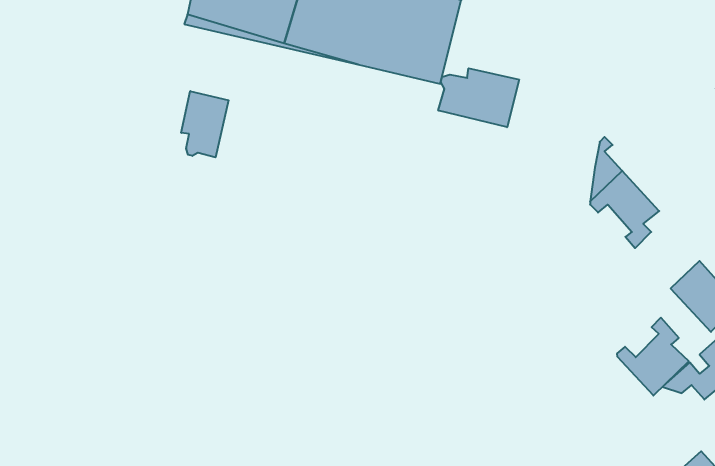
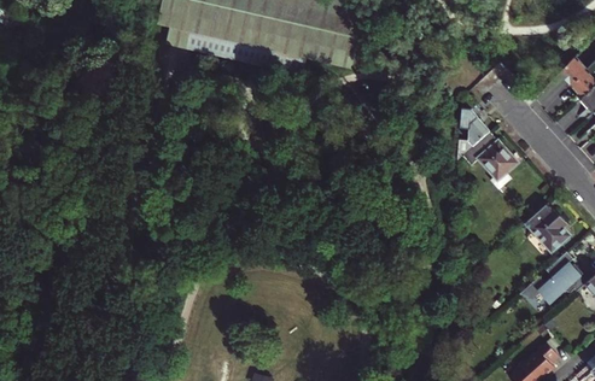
building: [438,68,519,127] -> none
building: [181,91,229,157] -> none
building: [617,318,689,396] -> none

